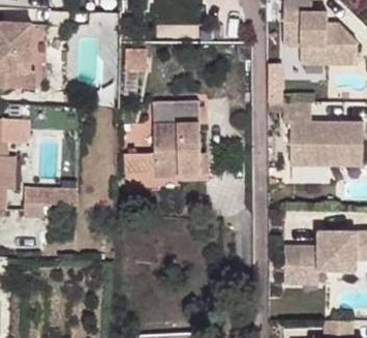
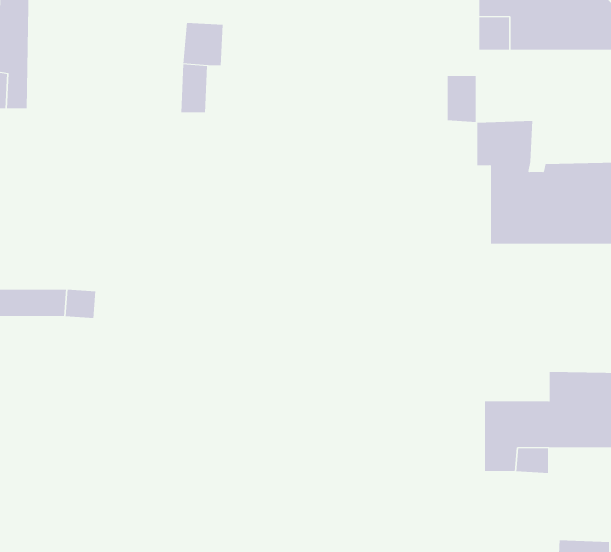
building: [124,100,201,176] -> none

